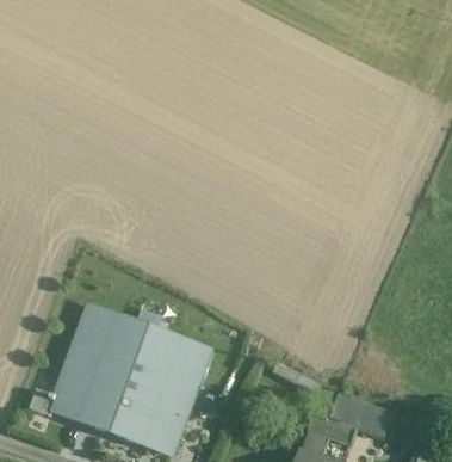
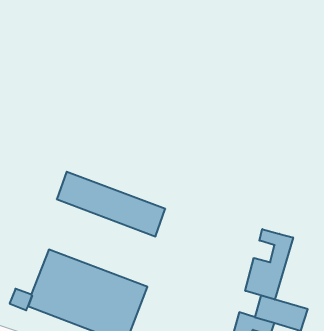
building: [78,306,210,384] -> [57,172,165,236]
building: none -> [245,229,293,300]

